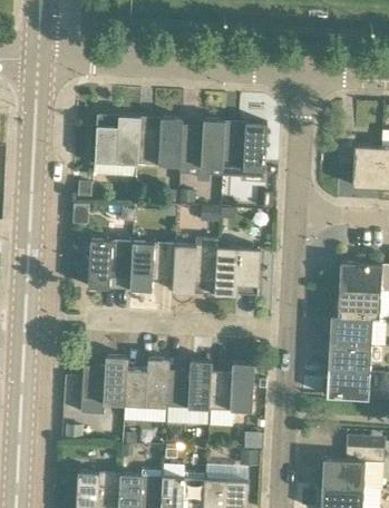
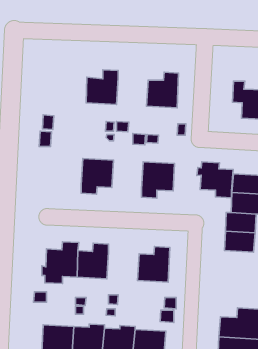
building: [94,116,139,165] -> none
building: [179,120,224,169] -> none
building: [86,238,133,289] -> none
building: [172,238,216,293] -> none
building: none -> [197,162,233,198]
building: [166,361,212,427] -> none
building: [327,369,369,399] -> none

